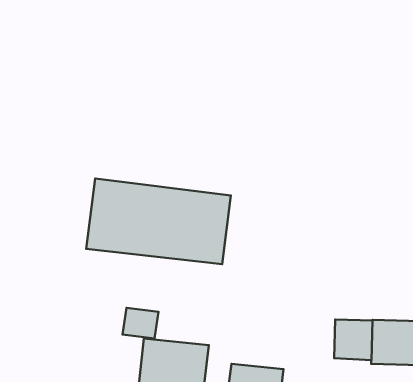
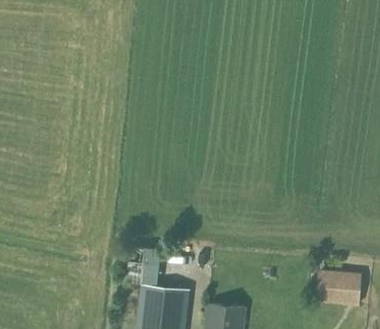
building: [86,179,231,264] -> none
building: [334,319,373,360] -> none

